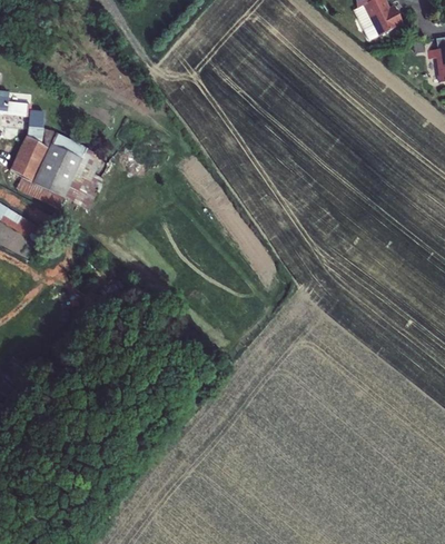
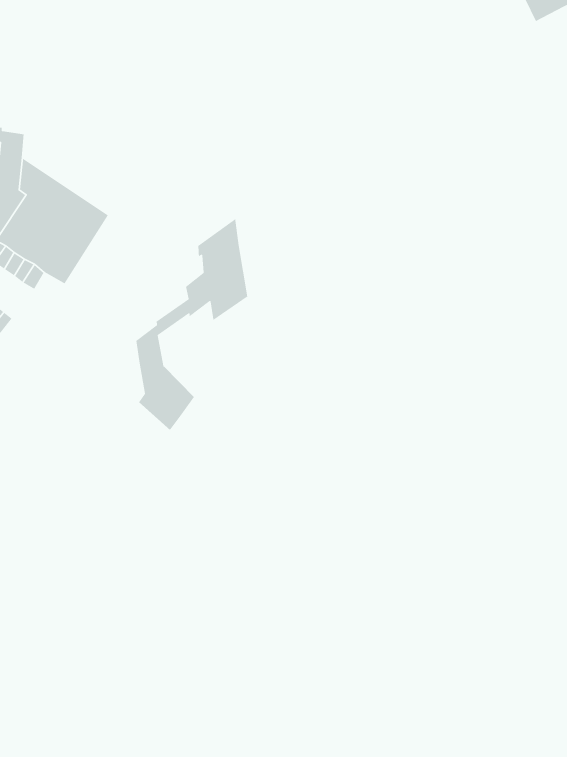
building: none -> [135,218,248,431]

